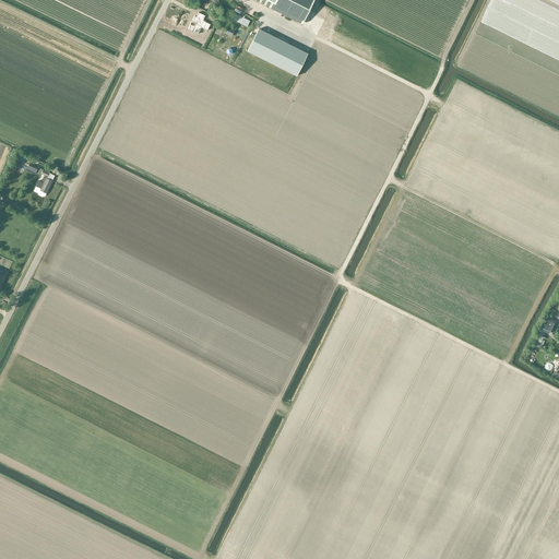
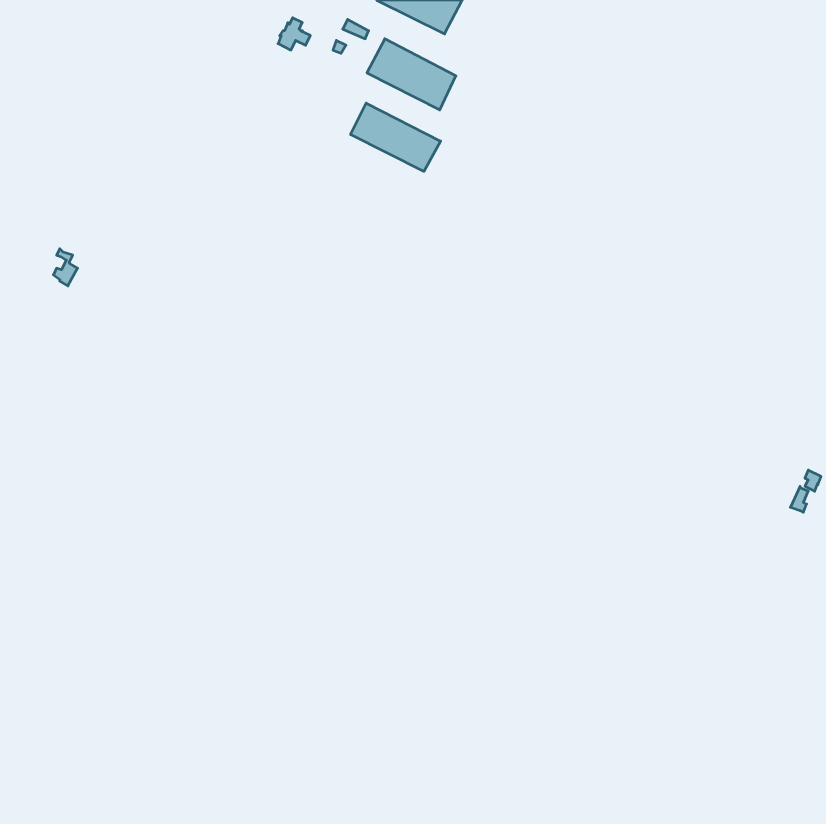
building: none -> [351,103,441,171]

